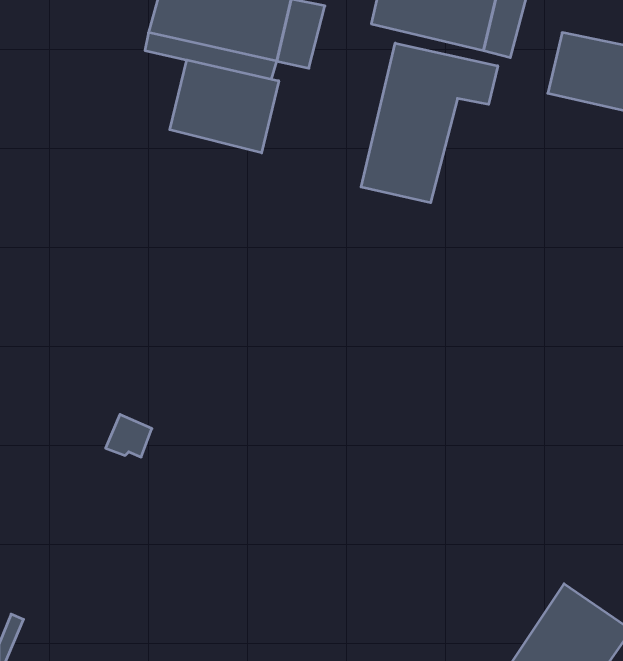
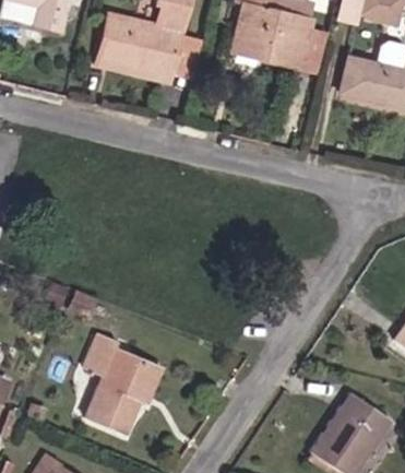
building: [361,43,498,203] -> none
building: [170,60,279,153] -> none
building: none -> [84,334,164,434]

